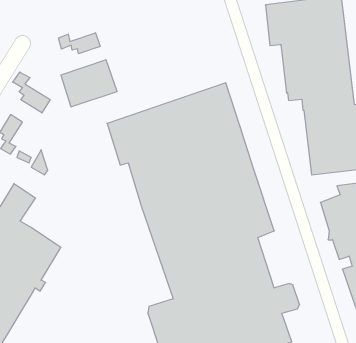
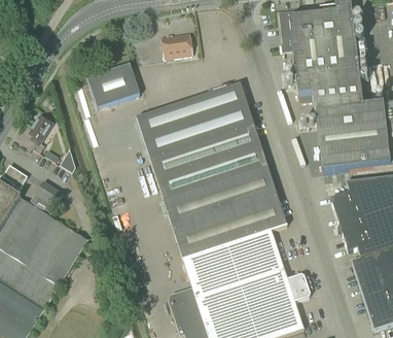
building: none -> [162,32,192,58]
building: [59,33,100,54] -> none
building: [13,72,50,113] -> none

